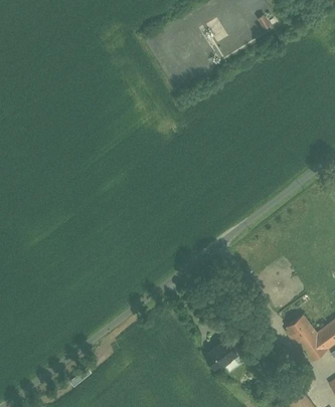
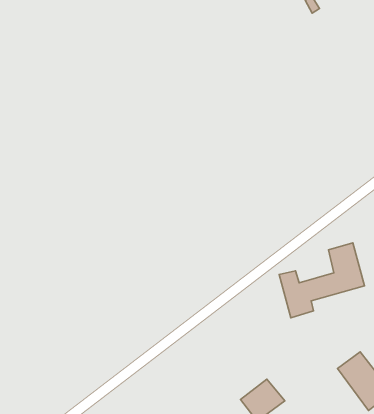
building: none -> [279,243,364,318]

